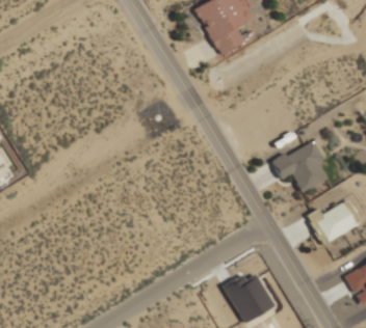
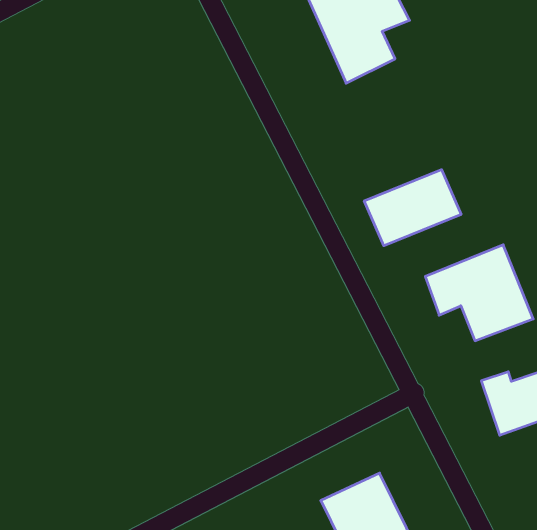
building: none -> [364,170,461,246]

